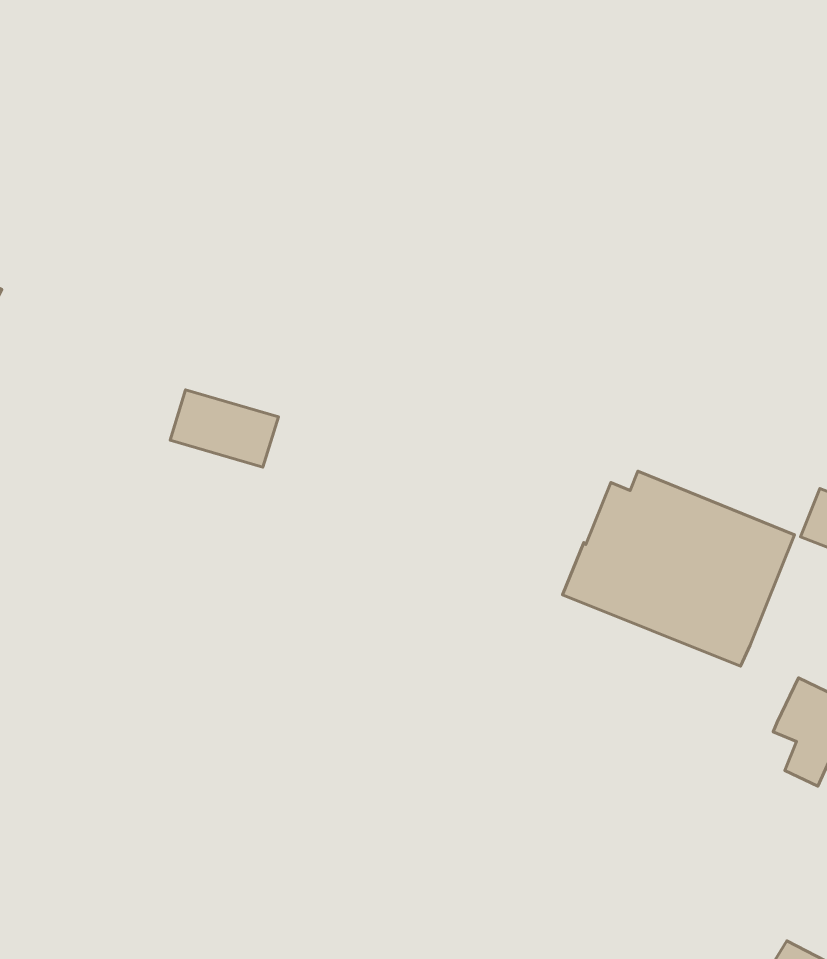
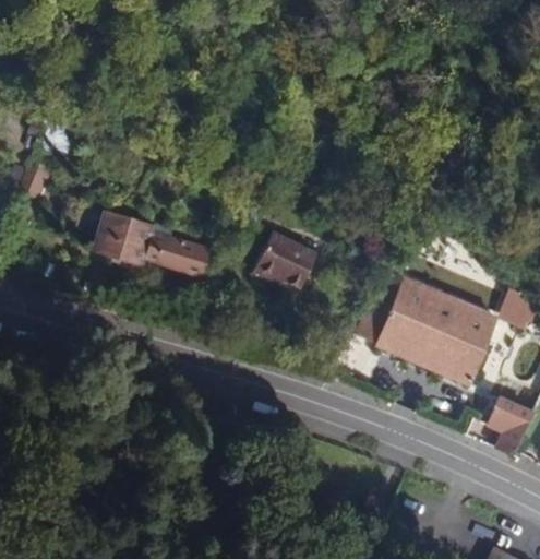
building: none -> [91,211,157,266]
building: none -> [254,230,319,293]

